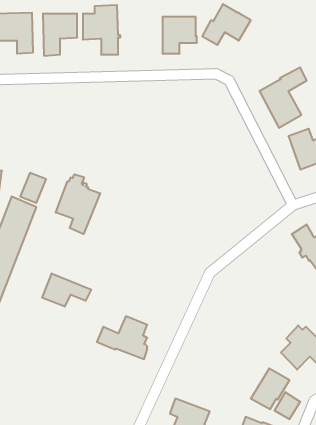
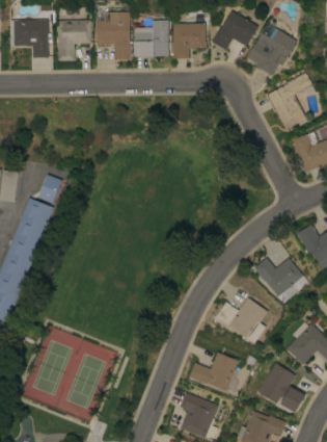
building: none -> [134,20,168,56]
building: none -> [246,29,296,75]
building: [56,174,100,234] -> none
building: none -> [254,257,308,303]
building: [42,273,91,307] -> none
building: none -> [216,296,268,343]
building: [97,316,147,359] -> [189,352,238,393]

